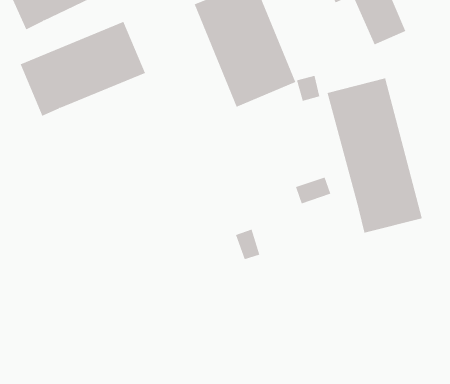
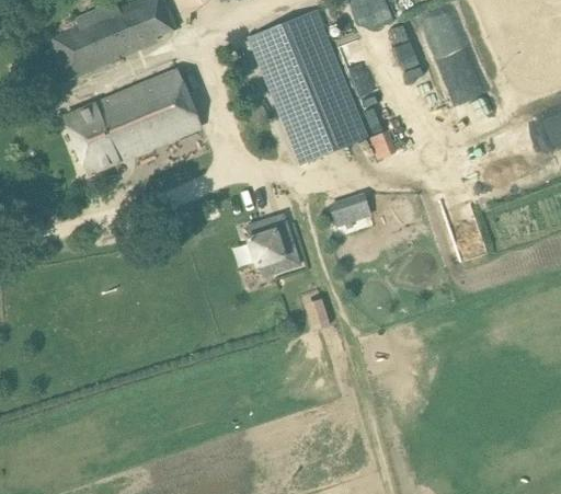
building: [327,78,422,234] -> none
building: none -> [252,218,300,275]
building: [295,177,331,204] -> [331,195,370,225]

